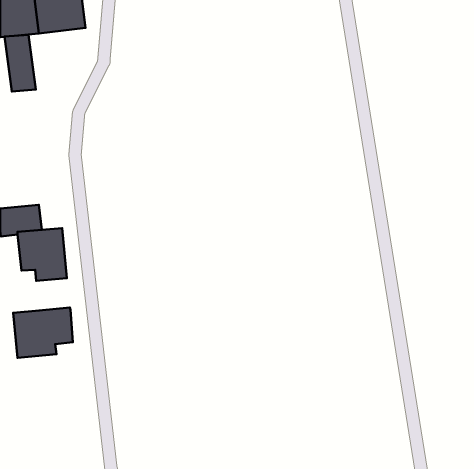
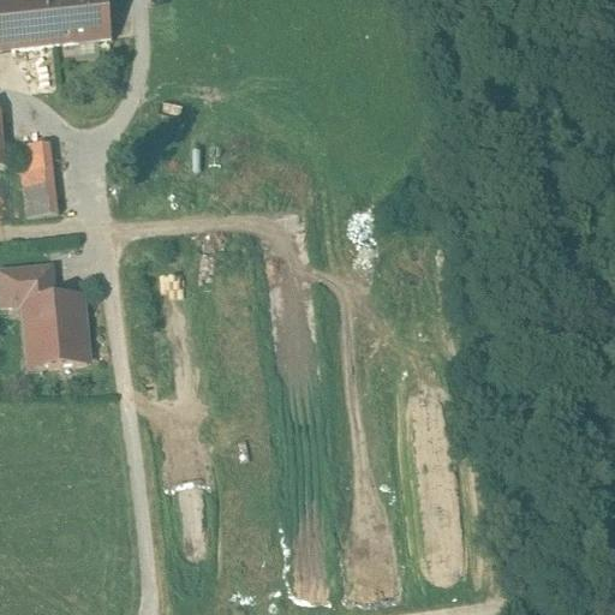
building: [4,35,36,91] -> [17,142,58,215]
building: [13,307,73,358] -> none

